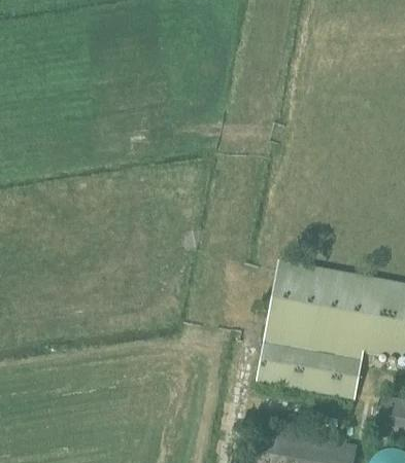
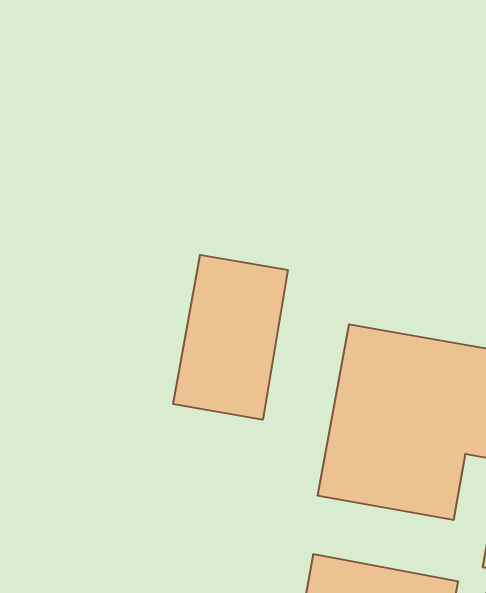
building: none -> [173,255,288,420]

